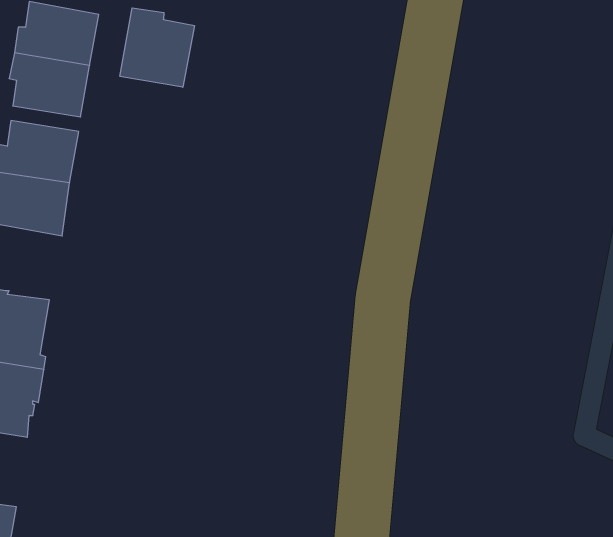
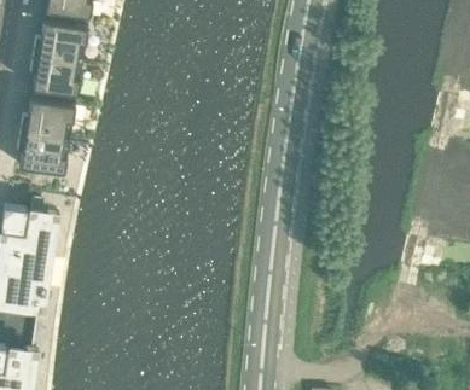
building: [120,8,194,87] -> none

